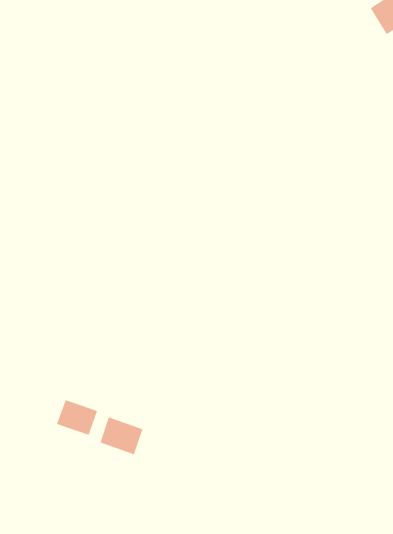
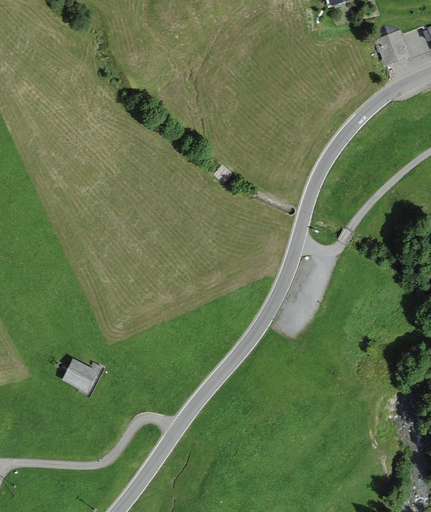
building: [100,417,143,455] -> none

